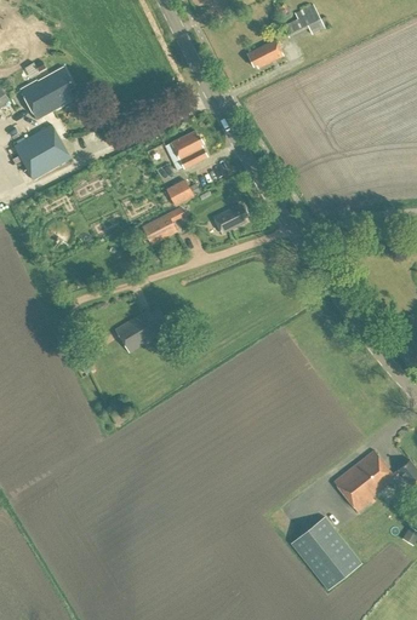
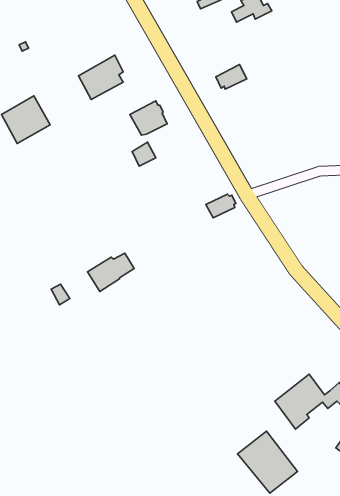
building: [246,39,282,68] -> [216,64,247,89]
building: [21,67,73,119] -> [79,55,123,100]
building: [212,205,247,232] -> [206,194,236,218]
building: [142,213,177,245] -> none

